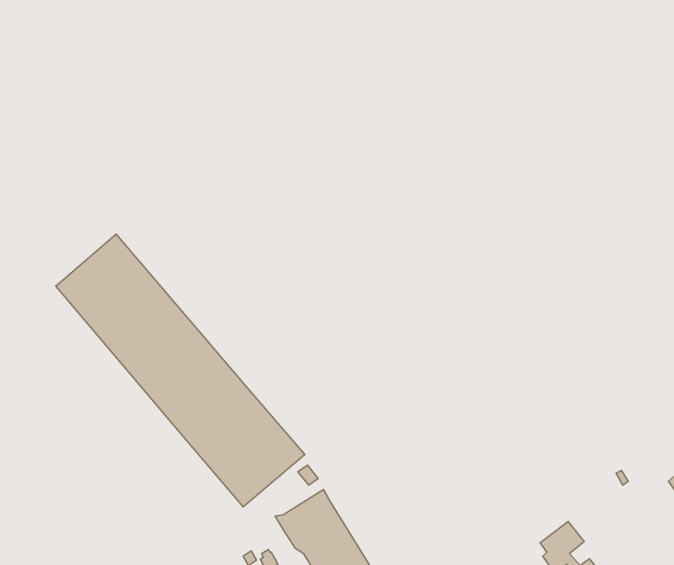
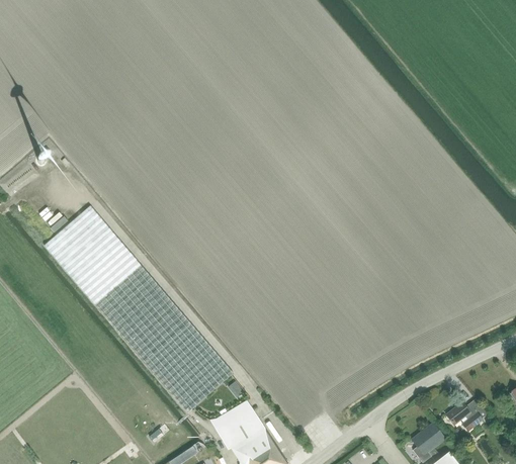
building: none -> [445,400,487,432]

